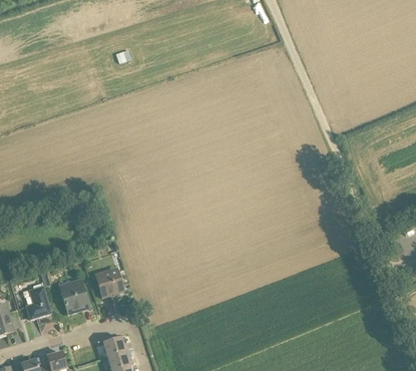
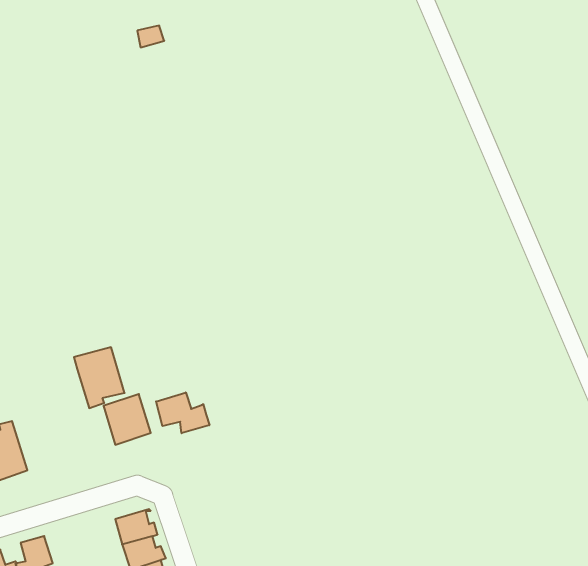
building: none -> [156,392,209,433]
building: [58,278,88,314] -> [74,347,125,408]

